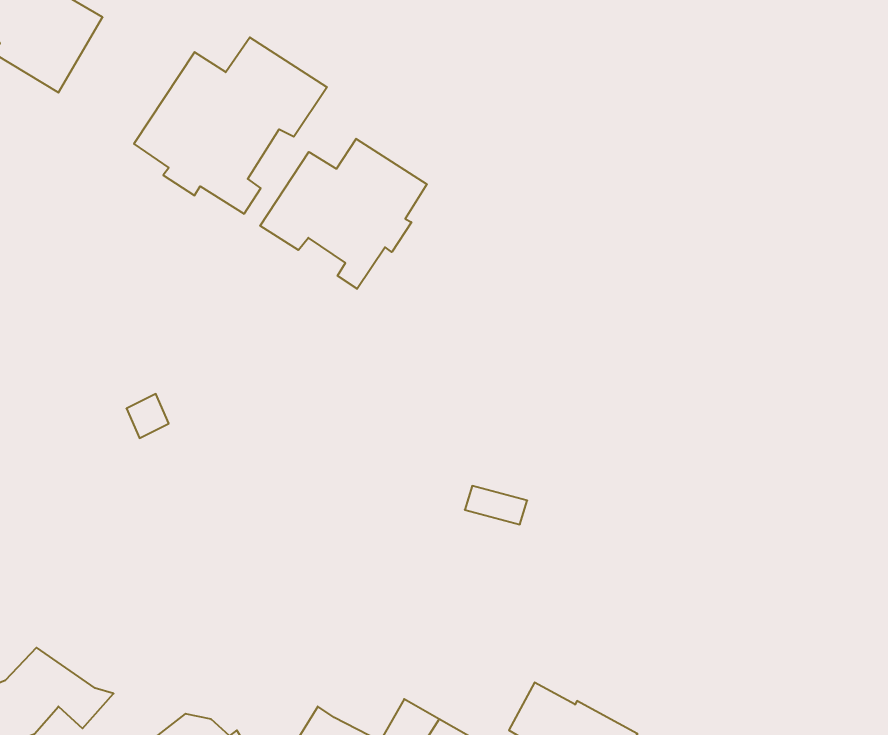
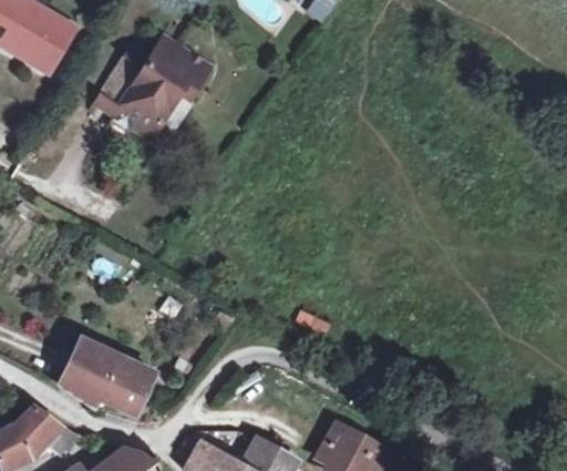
building: [260,139,427,289] -> none
building: none -> [59,340,155,409]

